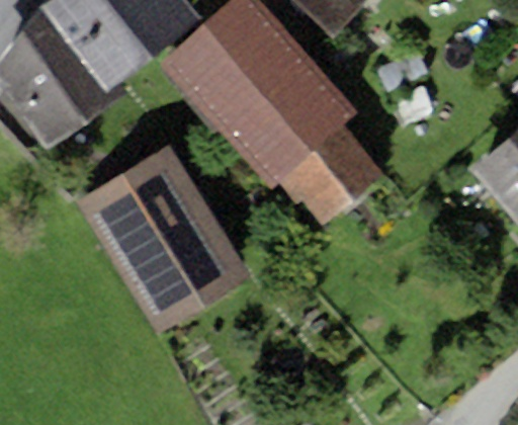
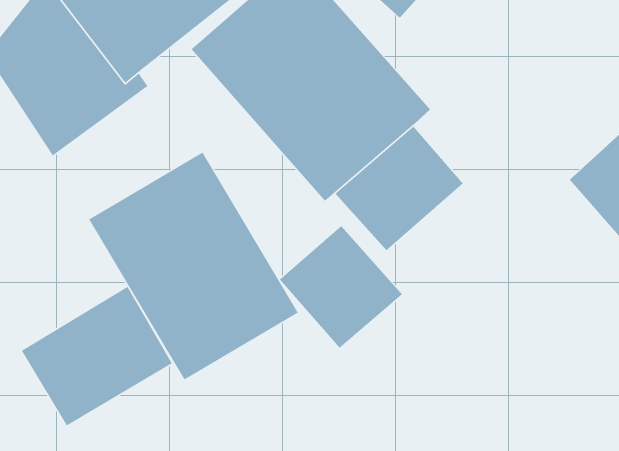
building: none -> [279,225,403,349]
building: none -> [21,286,173,427]

